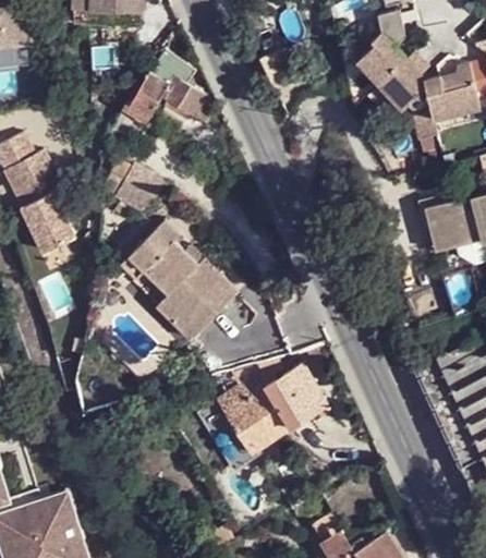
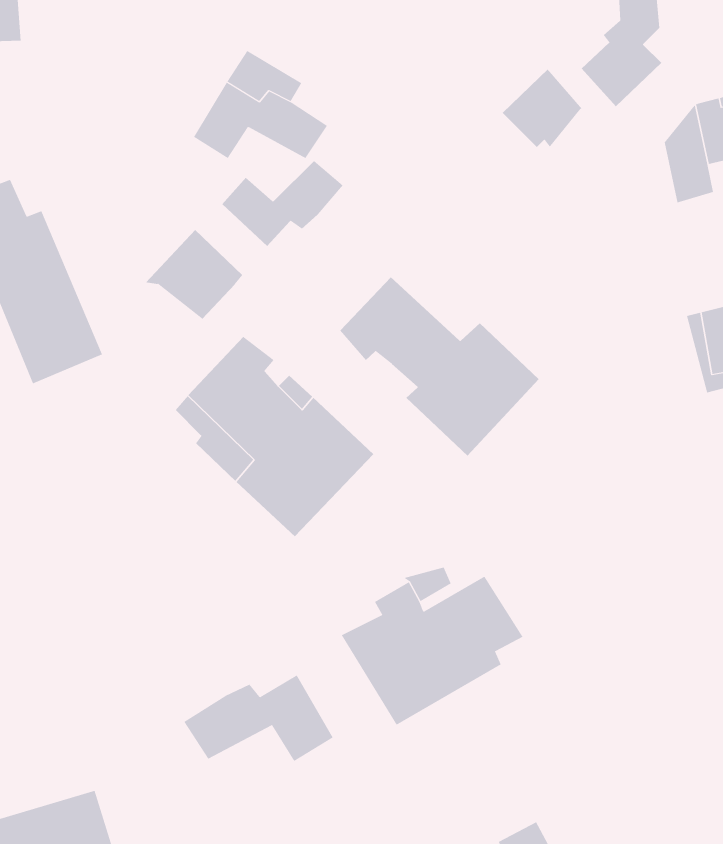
building: [379,60,427,107] -> [502,68,583,148]
building: none -> [222,160,344,247]
building: none -> [339,277,540,457]
building: none -> [184,675,333,762]

